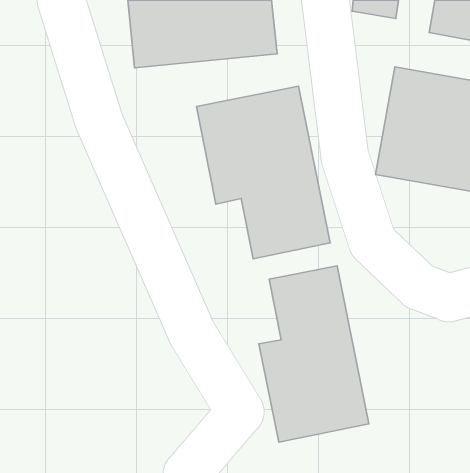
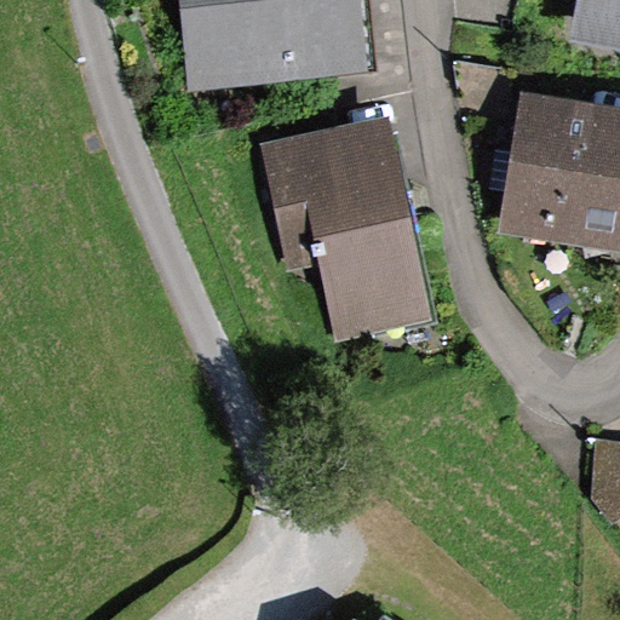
building: [259,266,369,442] -> none

